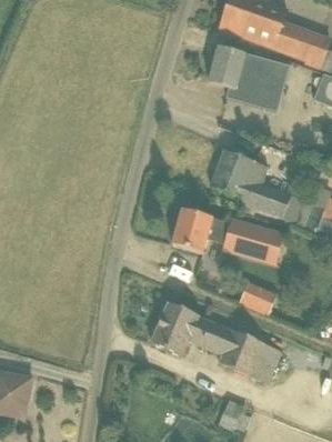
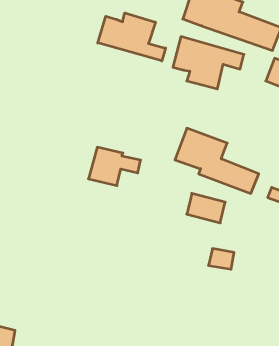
building: none -> [98,13,166,61]
building: [171,209,230,252] -> [88,147,141,186]
building: [150,302,282,383] -> none

